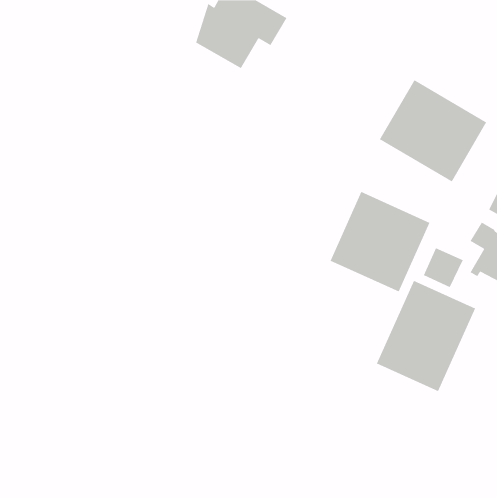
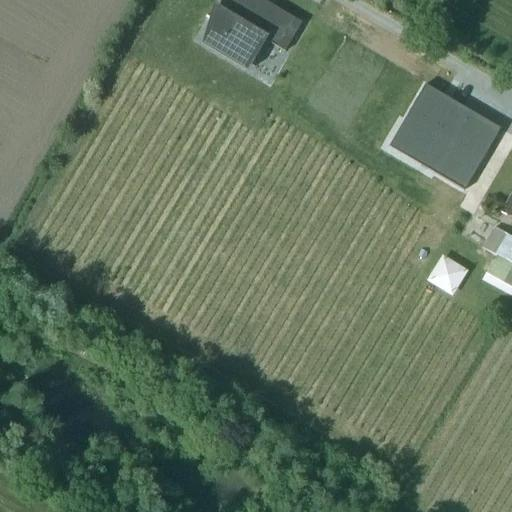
building: [329,191,431,293] -> none
building: [376,280,476,392] -> none

